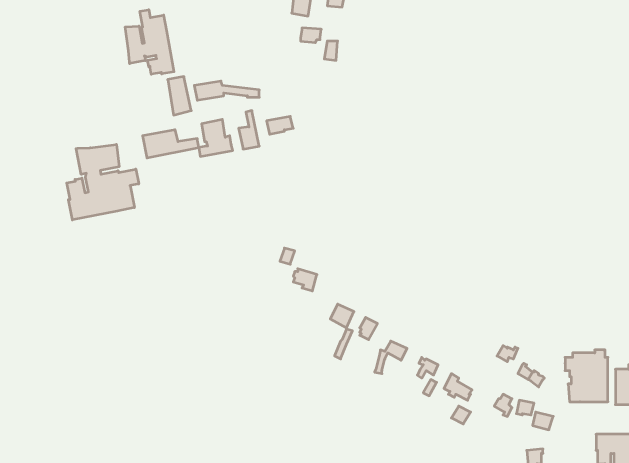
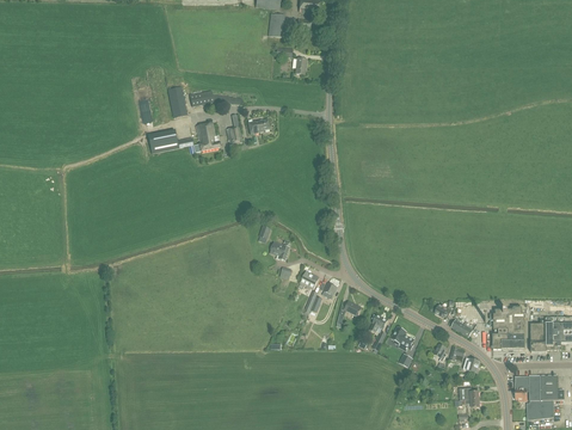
building: [125,10,174,74] -> none
building: [67,144,139,220] -> none

